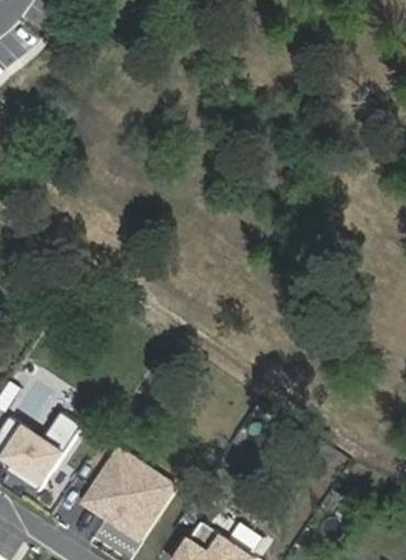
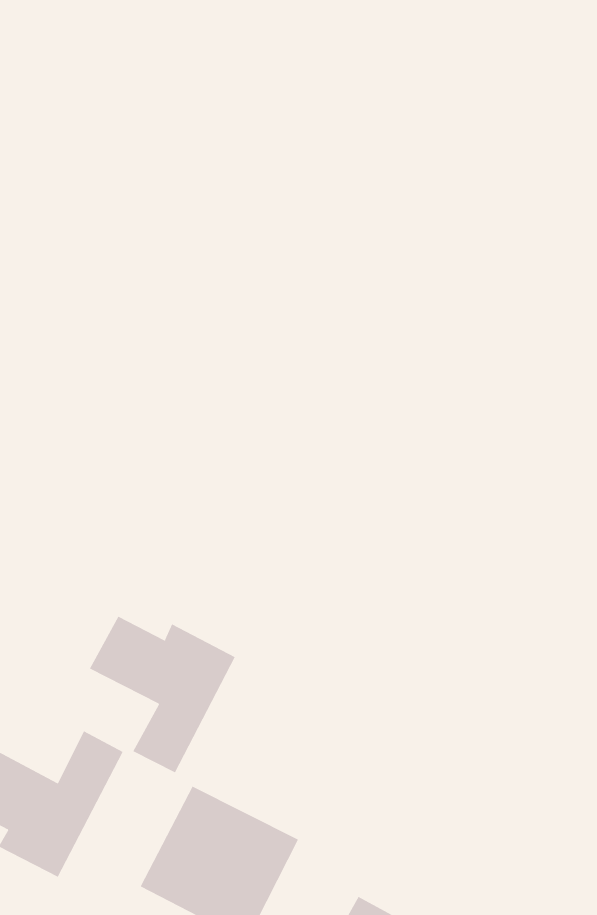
building: none -> [89,616,235,773]

